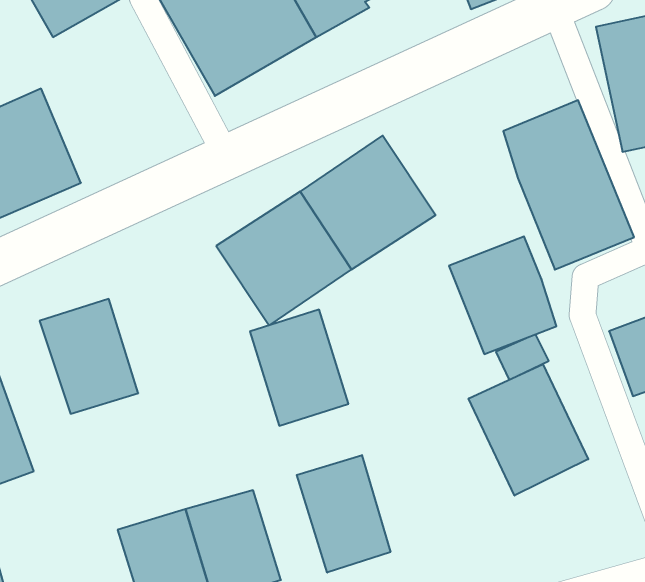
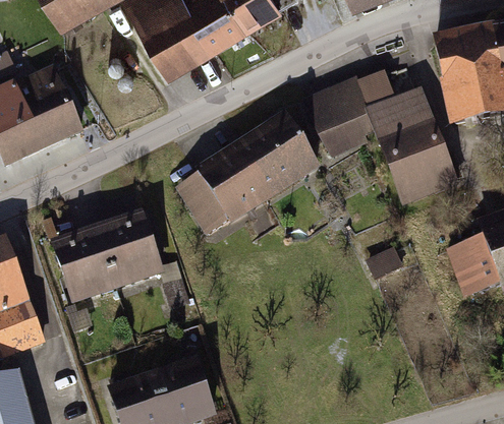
building: [449,236,556,354] -> [306,75,381,157]
building: [250,310,348,426] -> [98,205,166,286]
building: [469,364,588,496] -> none
building: [297,455,390,573] -> none

